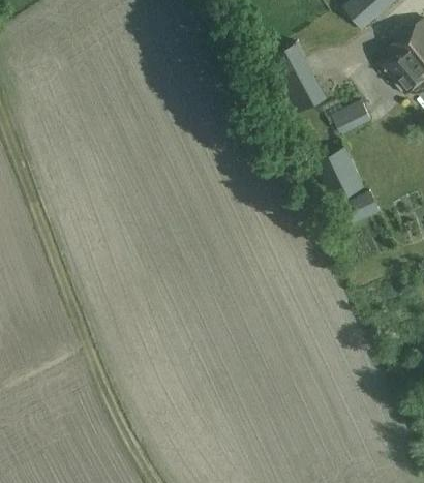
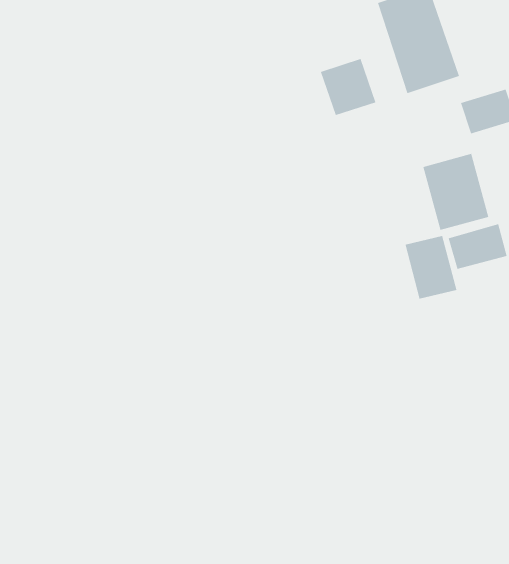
building: none -> [320,58,376,116]
building: none -> [405,235,457,300]

